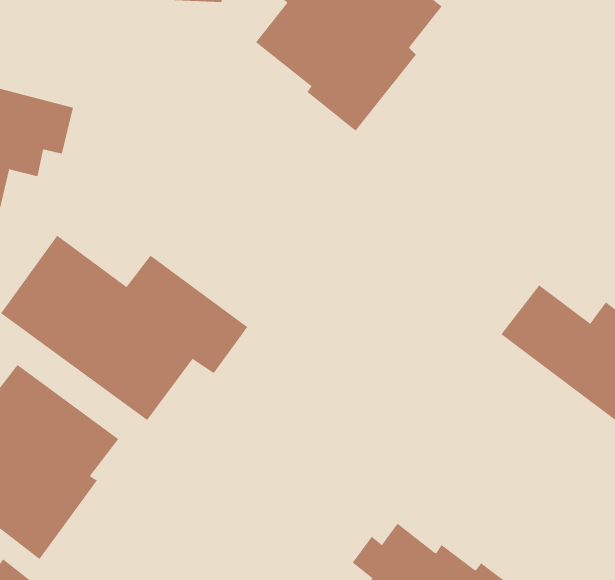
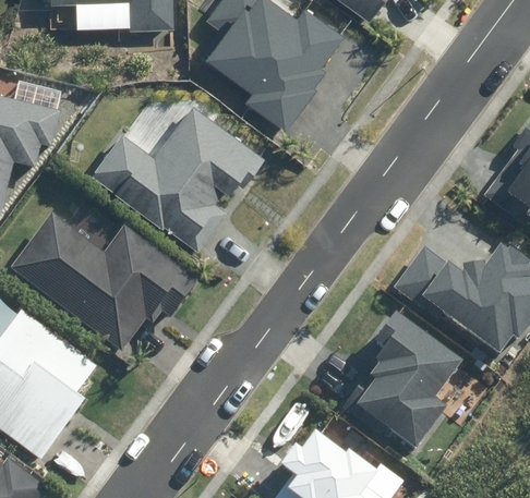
building: none -> [94,98,267,250]
building: none -> [357,312,462,452]

